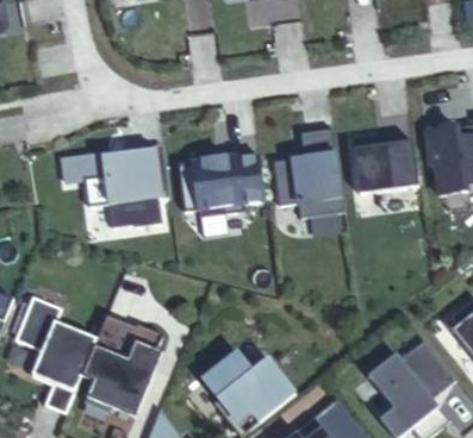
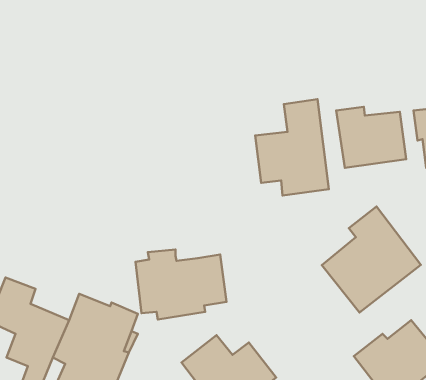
building: [61,144,161,227] -> none
building: [176,149,263,215] -> [135,250,227,319]
building: none -> [322,207,421,313]

